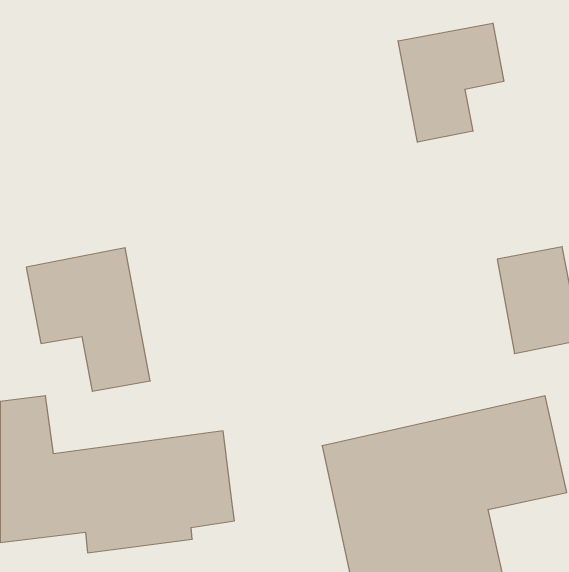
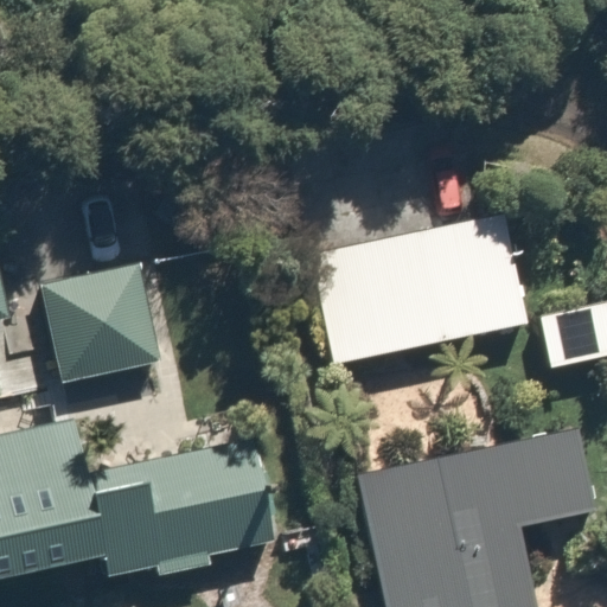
building: [398,23,504,142] -> none
building: none -> [305,212,528,357]

